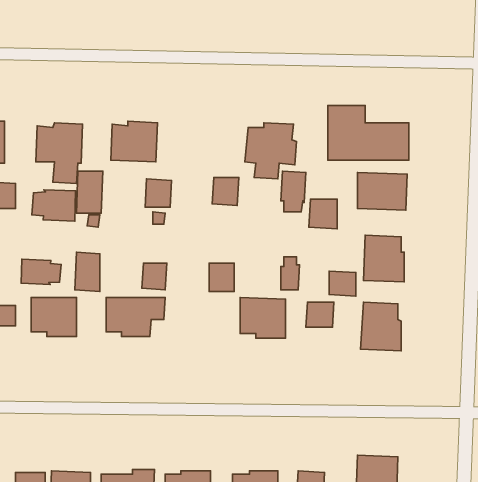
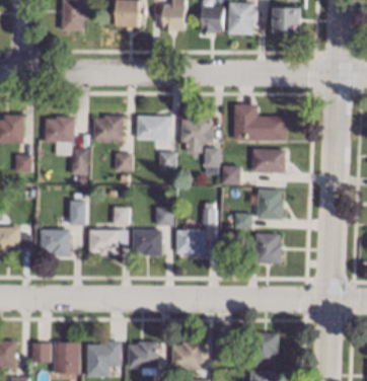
building: none -> [137,116,169,141]
building: [32,190,76,221] -> none
building: [21,259,61,284] -> none
building: none -> [133,230,163,255]

